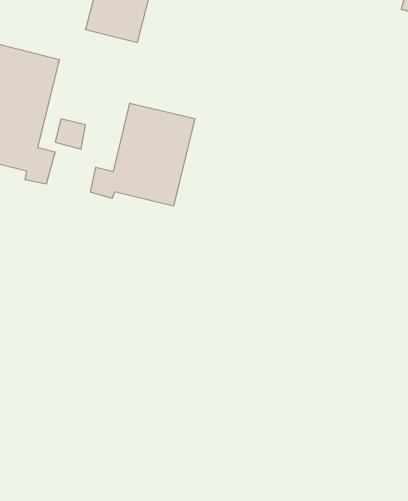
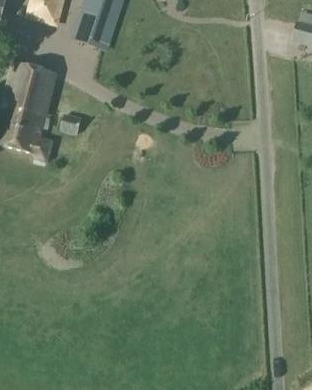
building: [91,103,195,206] -> none

